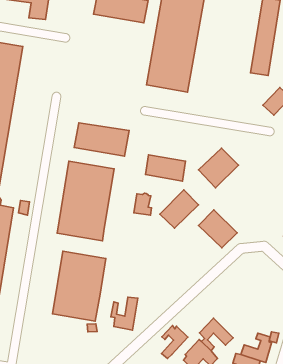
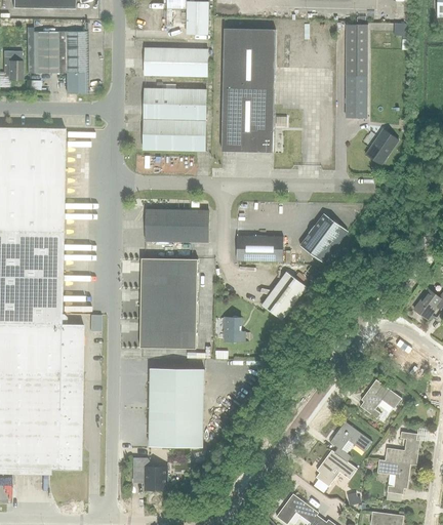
building: none -> [143,85,205,152]
building: [134,193,152,215] -> [224,316,244,341]
building: [199,210,237,248] -> none
building: none -> [360,379,401,419]
building: [111,297,138,330] -> none
building: none -> [133,459,166,490]
building: [162,326,188,358] -> none

